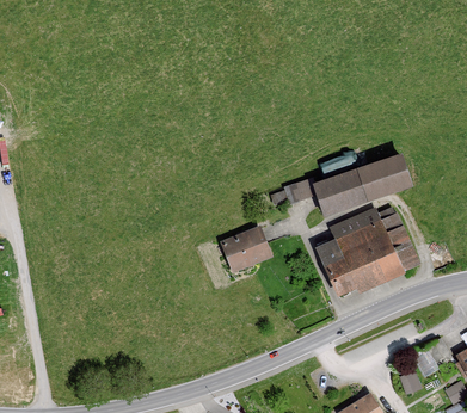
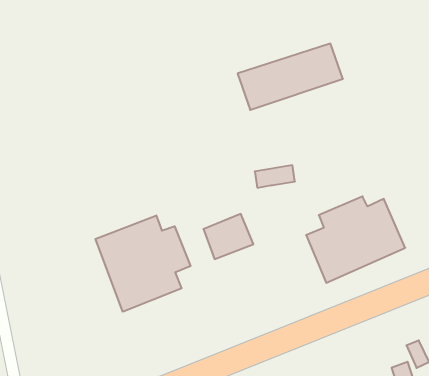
building: [311,154,411,217] -> [238,44,343,110]
building: none -> [95,215,191,312]

